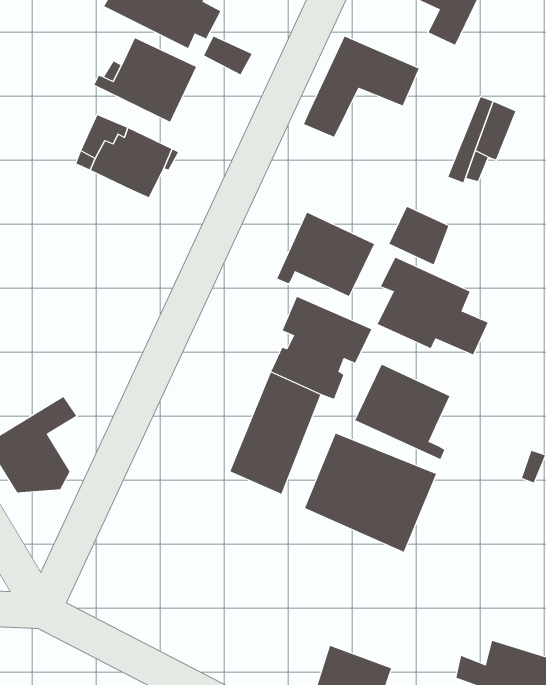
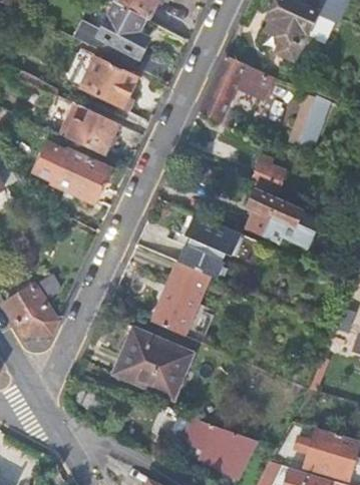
building: none -> [35,143,111,204]
building: [277,212,375,297] -> none
building: [355,364,450,460] -> none
building: [304,433,437,552] -> [113,327,195,400]

